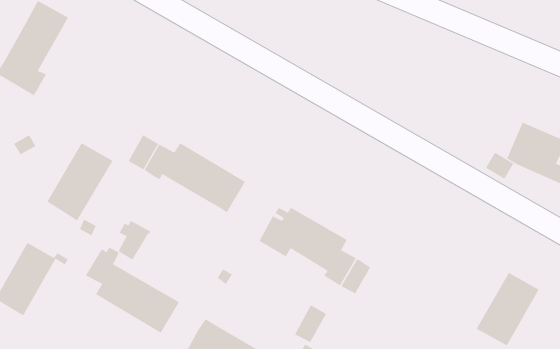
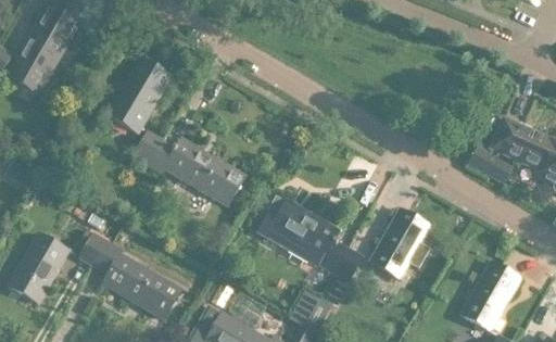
building: [46,142,114,221] -> [108,58,170,131]
building: none -> [369,206,430,277]
building: [118,220,151,261] -> [79,225,111,263]

